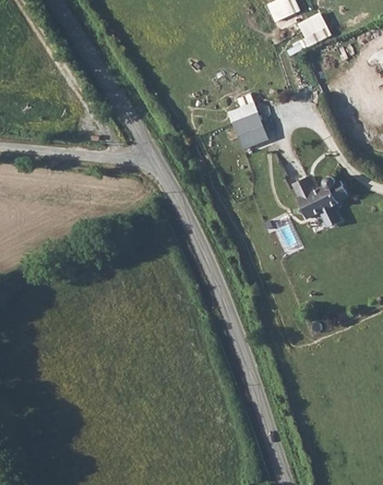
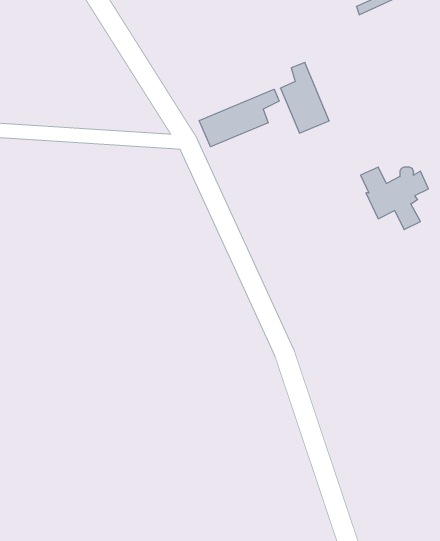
building: none -> [199,89,279,147]

